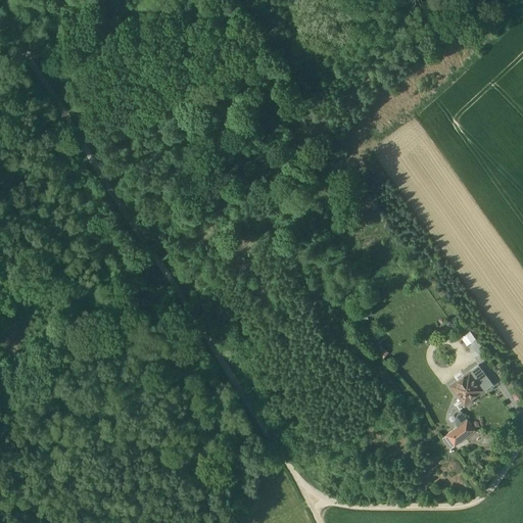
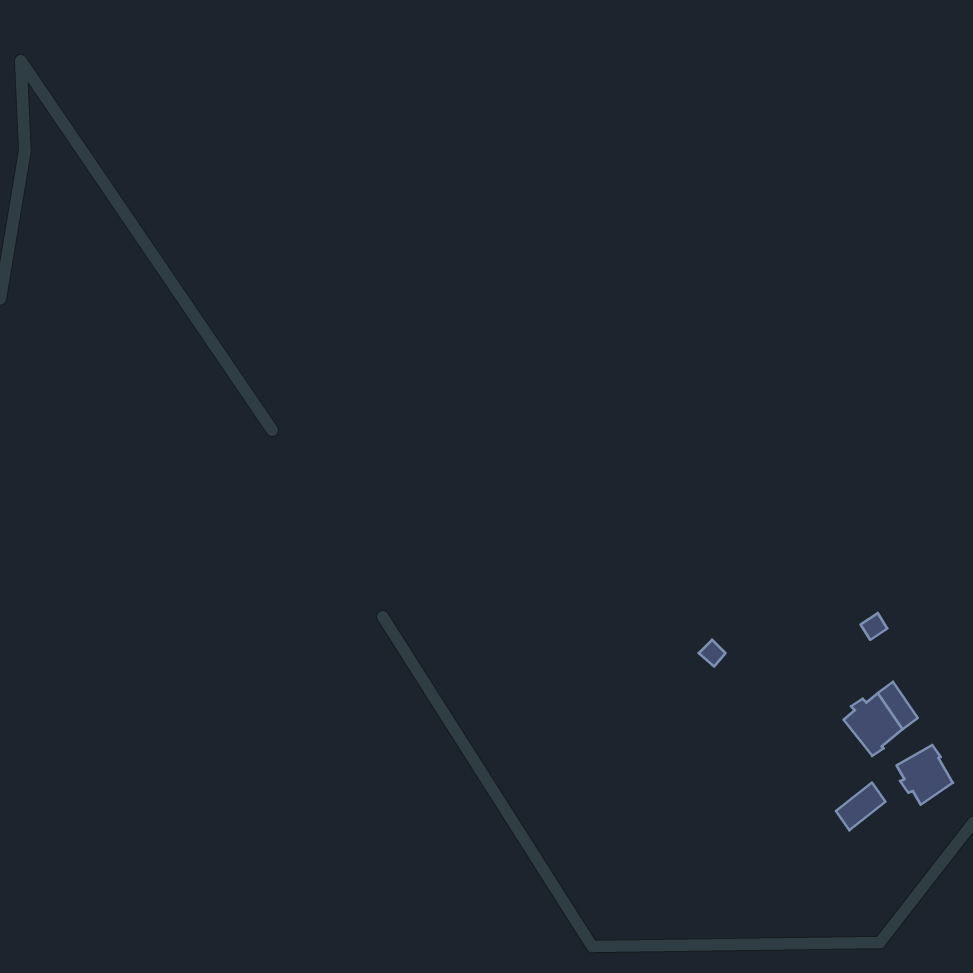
building: none -> [897,745,953,805]

